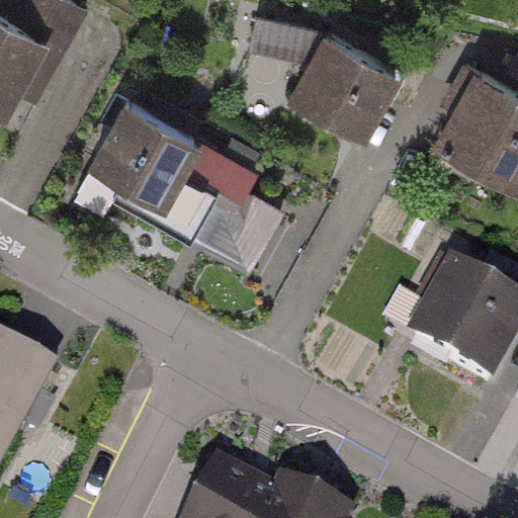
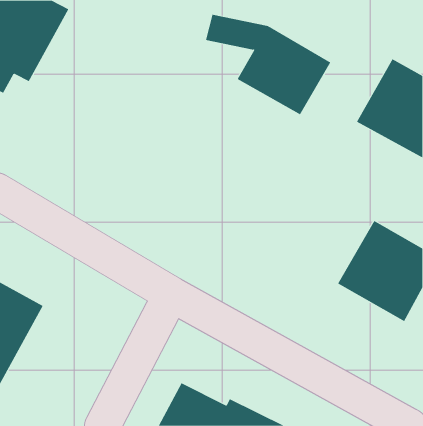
building: [93,101,275,270] -> none

